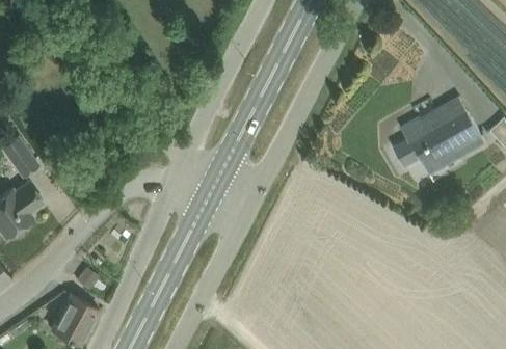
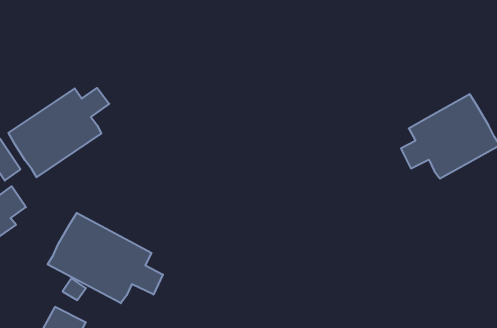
building: none -> [8,88,109,177]
building: none -> [48,213,163,303]

